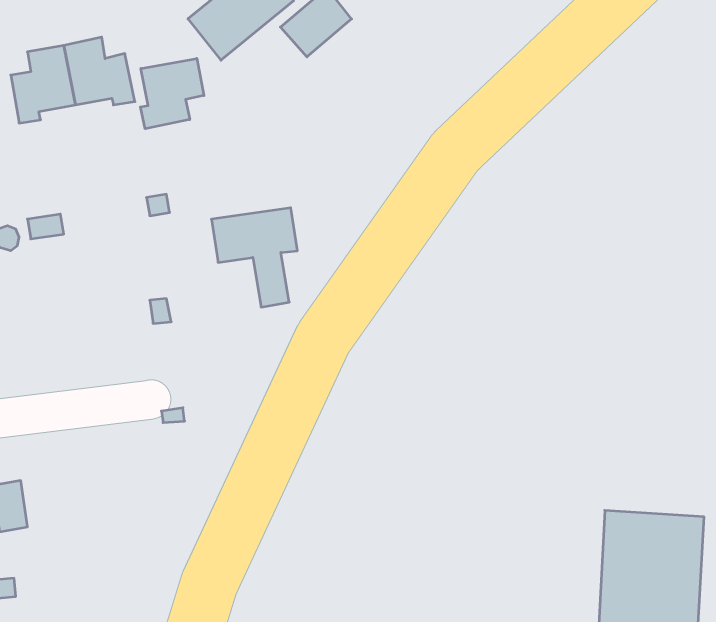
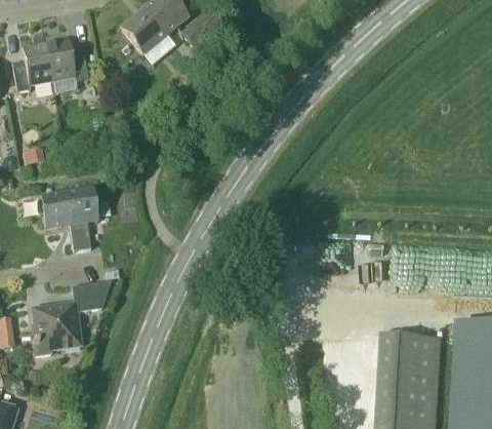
building: [140,58,204,129] -> none
building: [211,208,297,307] -> [42,189,95,250]
building: none -> [32,281,110,354]

